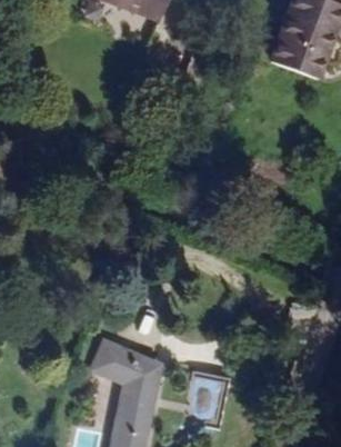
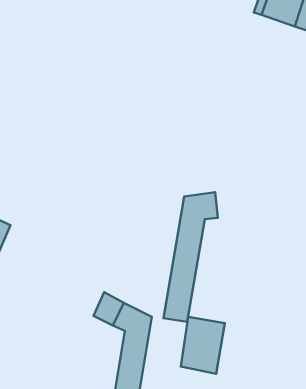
building: none -> [164,192,218,322]

